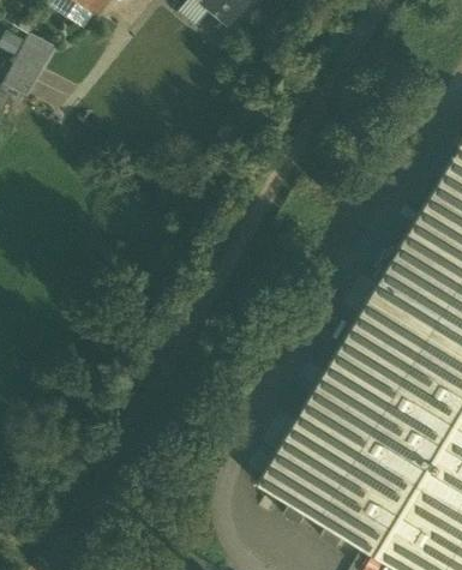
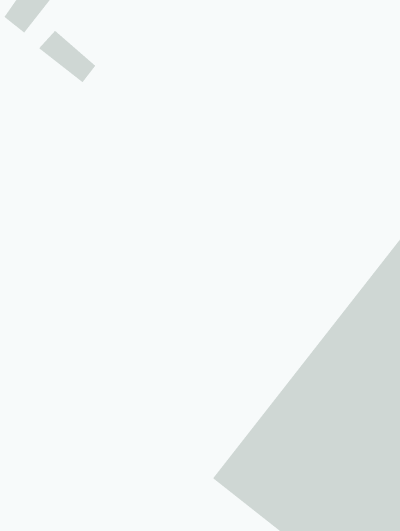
building: none -> [38,30,96,83]

